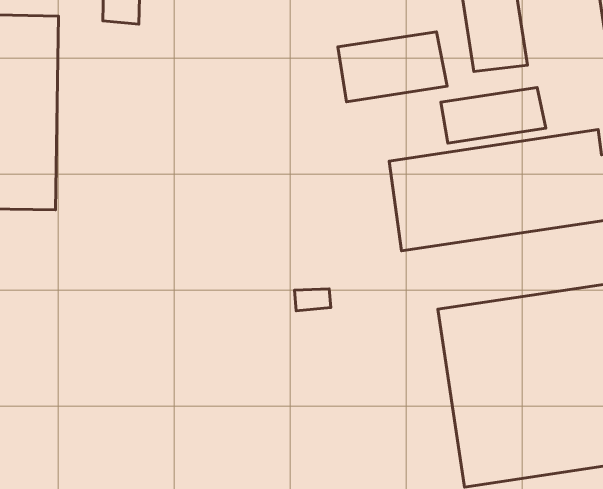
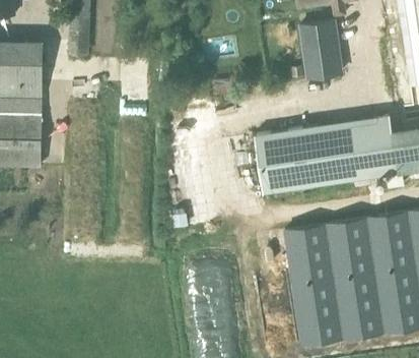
building: [338,32,447,102] -> none
building: [441,87,546,143] -> none

